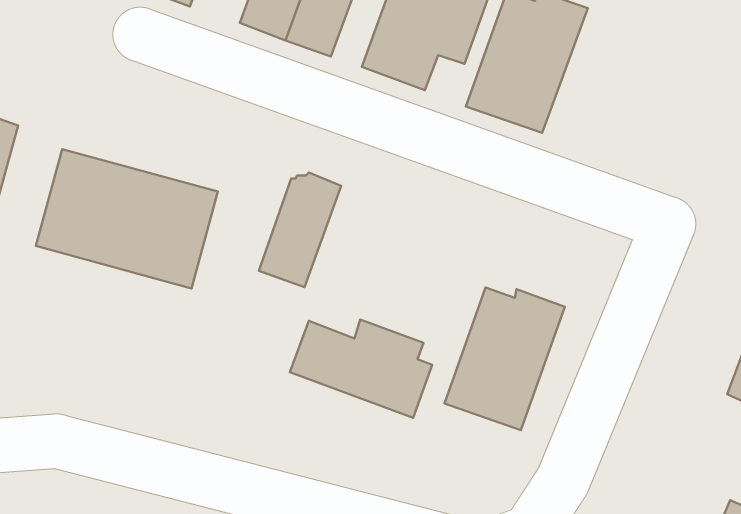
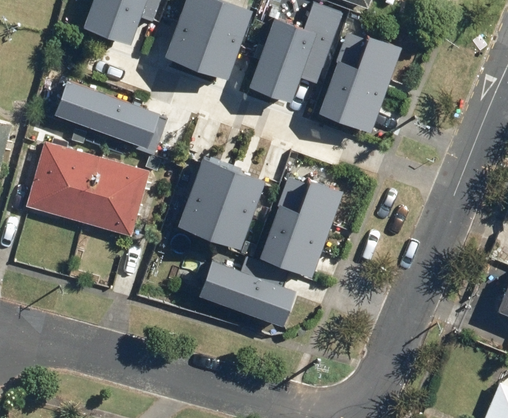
building: none -> [54,80,169,158]
building: none -> [209,168,265,249]
building: [444,288,565,430] -> [260,179,342,276]

